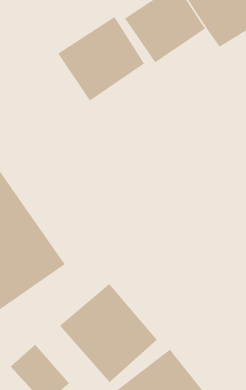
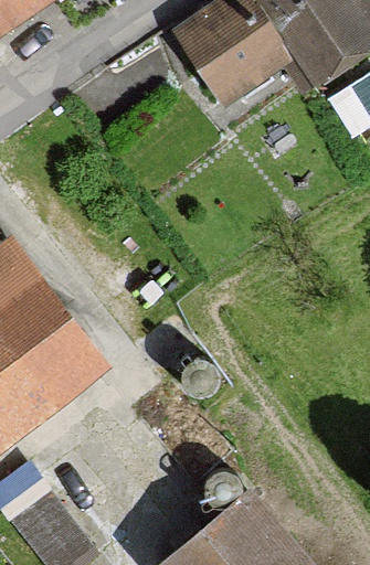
building: [58,16,145,101] -> none
building: [59,283,157,383] -> none

